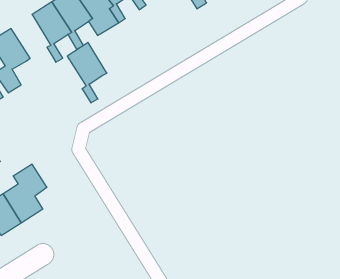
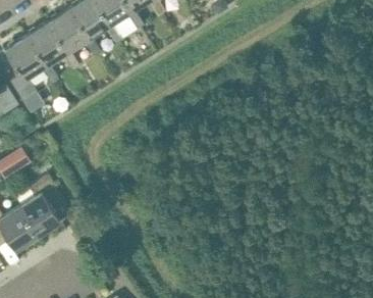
building: [67,42,107,103] -> [26,20,67,83]

